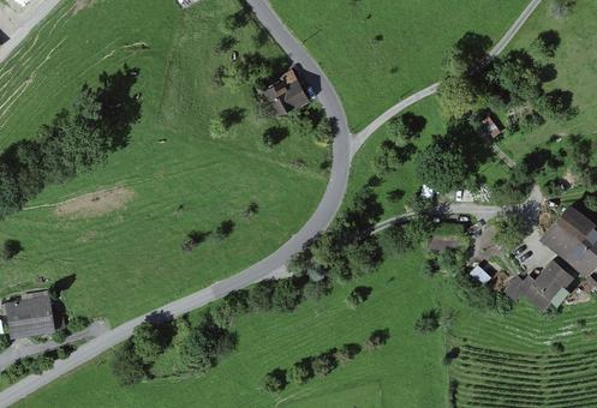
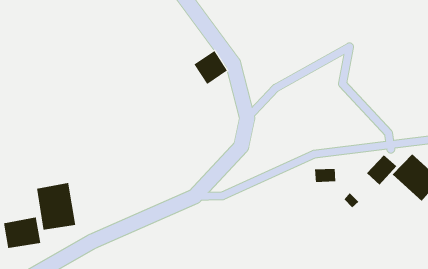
building: none -> [36,182,76,230]
building: [520,265,562,307] -> [366,155,397,185]

